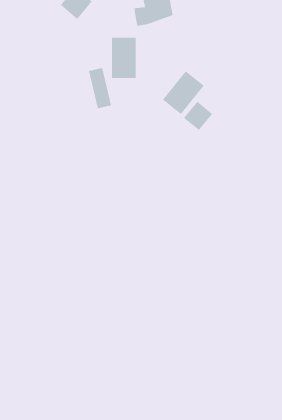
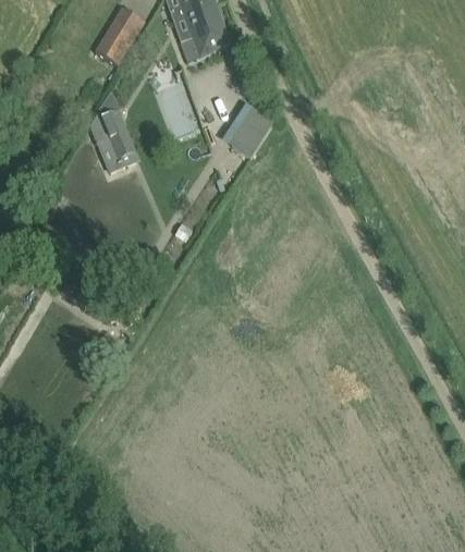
building: [88,68,112,109] -> [97,107,131,156]
building: [183,101,213,131] -> none

